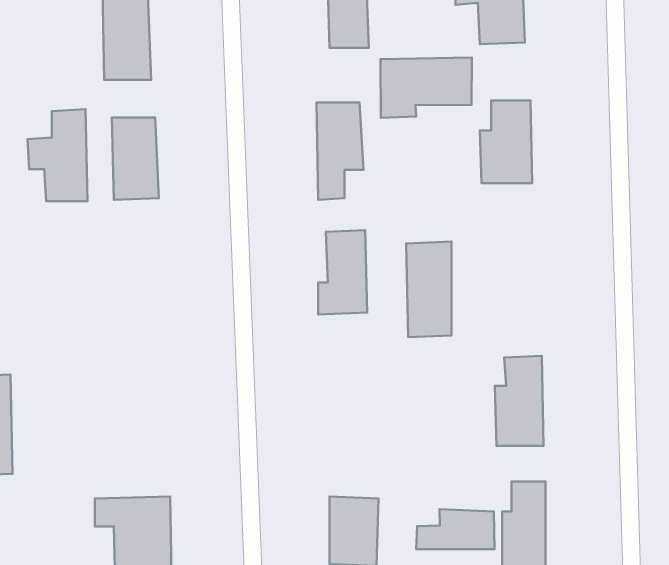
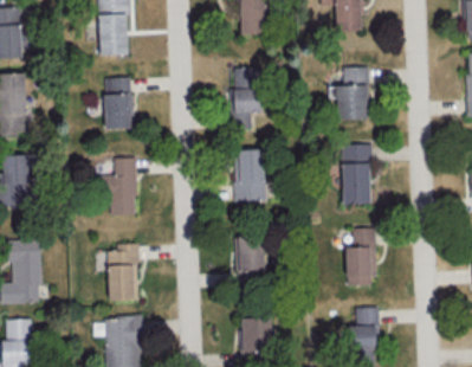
building: [381,58,472,118] -> none
building: [27,109,87,201] -> [99,157,137,215]
building: [406,242,451,337] -> [342,144,370,205]
building: none -> [238,237,265,272]
building: none -> [108,244,138,301]
building: [416,509,495,549] -> none

